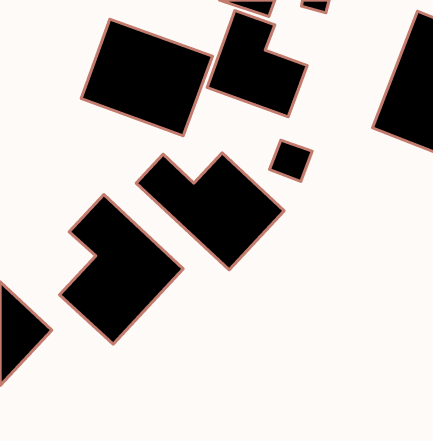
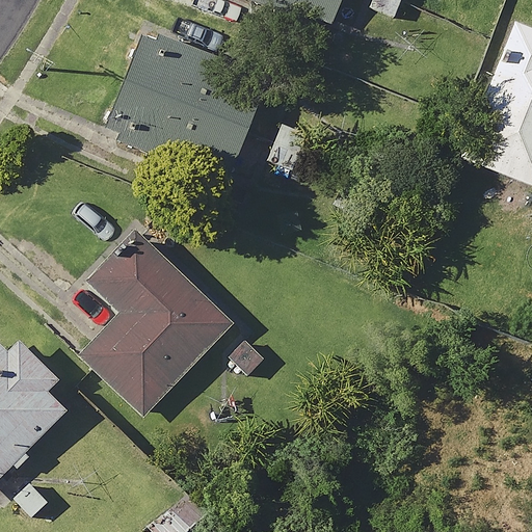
building: [207,11,307,117] -> none
building: [136,153,284,270] -> none

